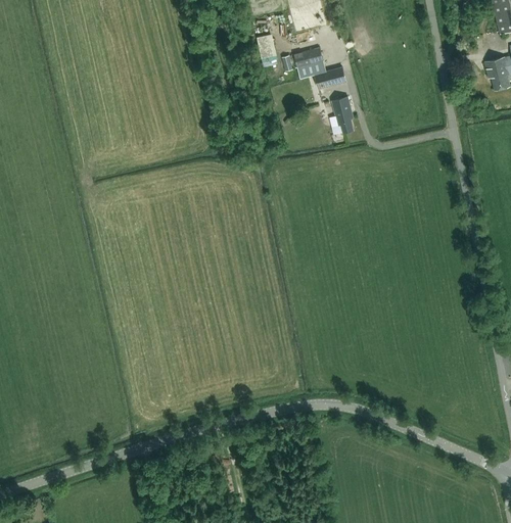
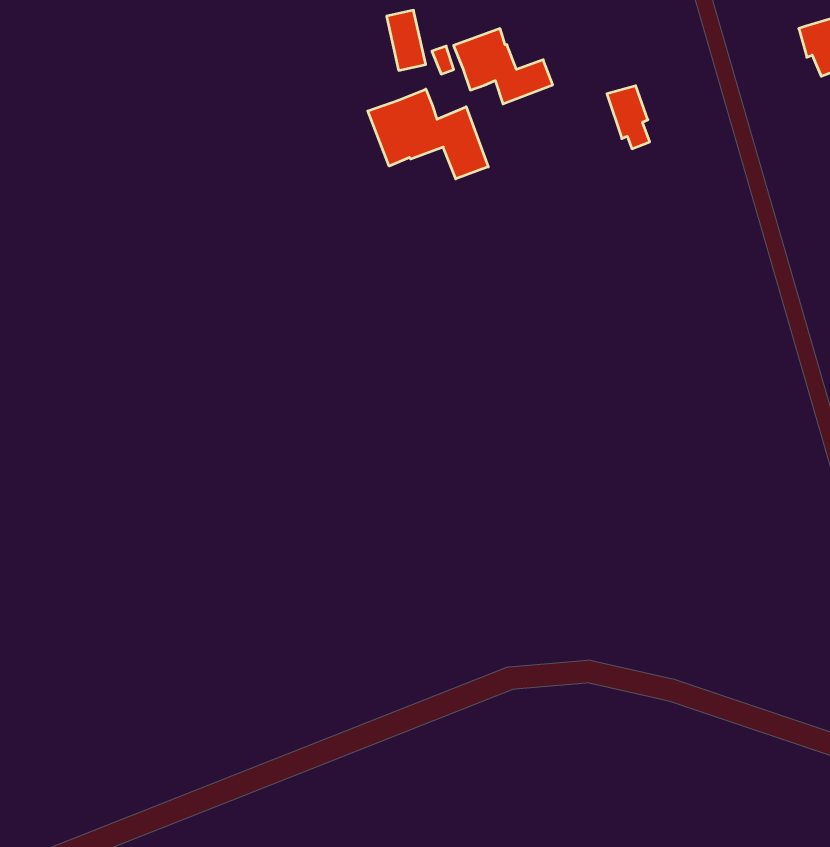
building: none -> [368,89,488,179]
building: [331,97,353,132] -> [607,86,650,149]

